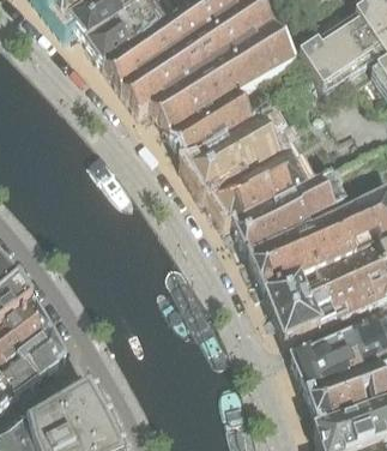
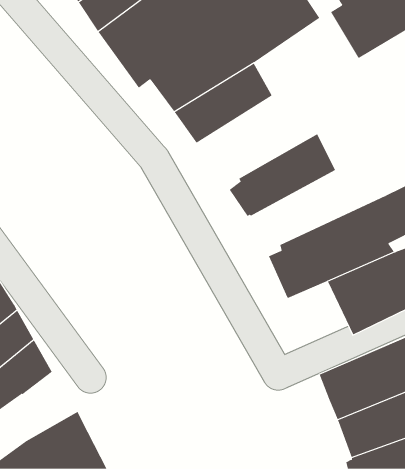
building: [188,113,283,194] -> none
building: [234,163,349,248] -> none
building: [266,275,321,336] -> none

